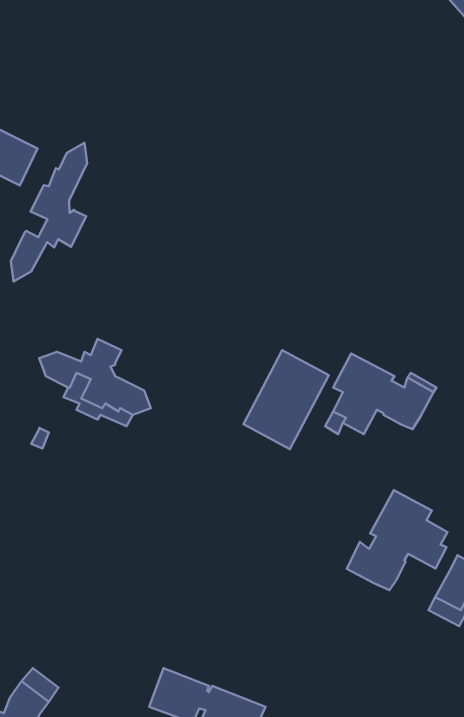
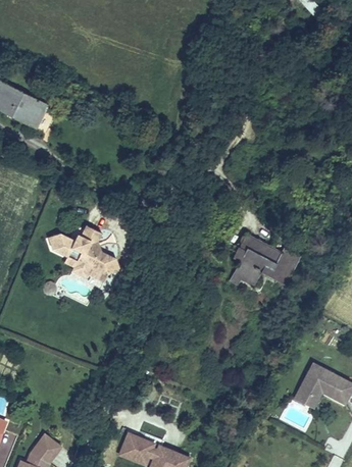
building: [11,143,87,282] -> none
building: [243,350,329,449] -> none
building: [347,490,448,590] -> none

